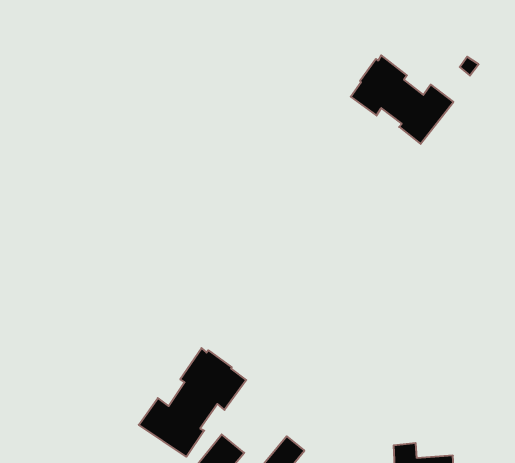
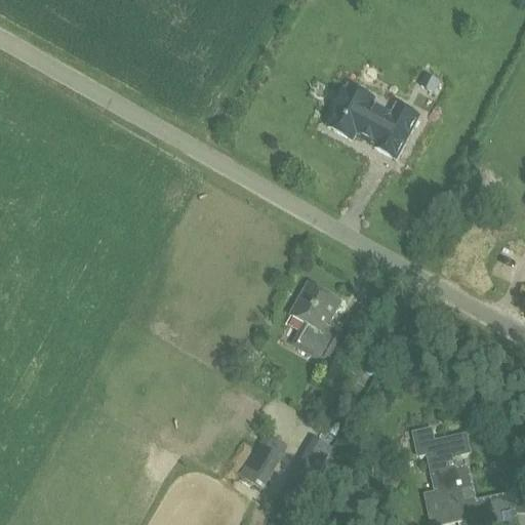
building: none -> [289,281,340,361]
building: [139,348,246,457] -> none

